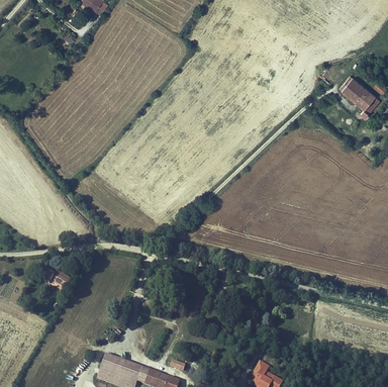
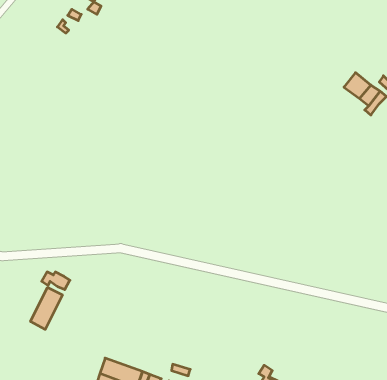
building: none -> [31,288,62,329]

